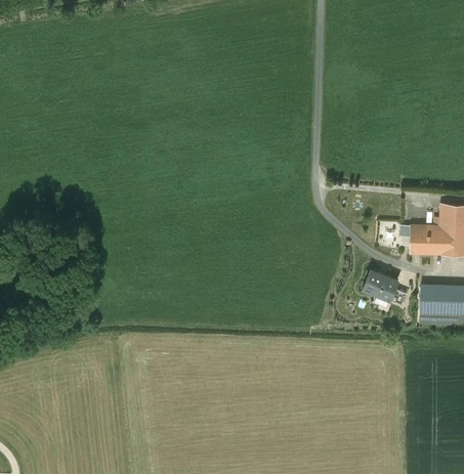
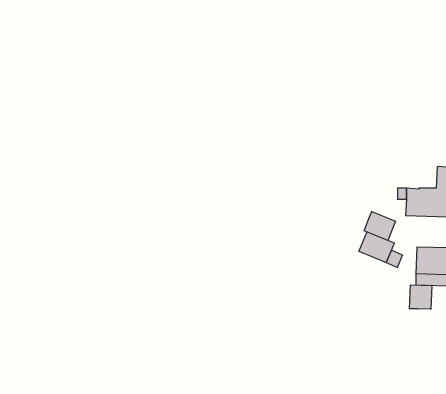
building: none -> [364,211,396,240]
building: none -> [410,285,432,309]

